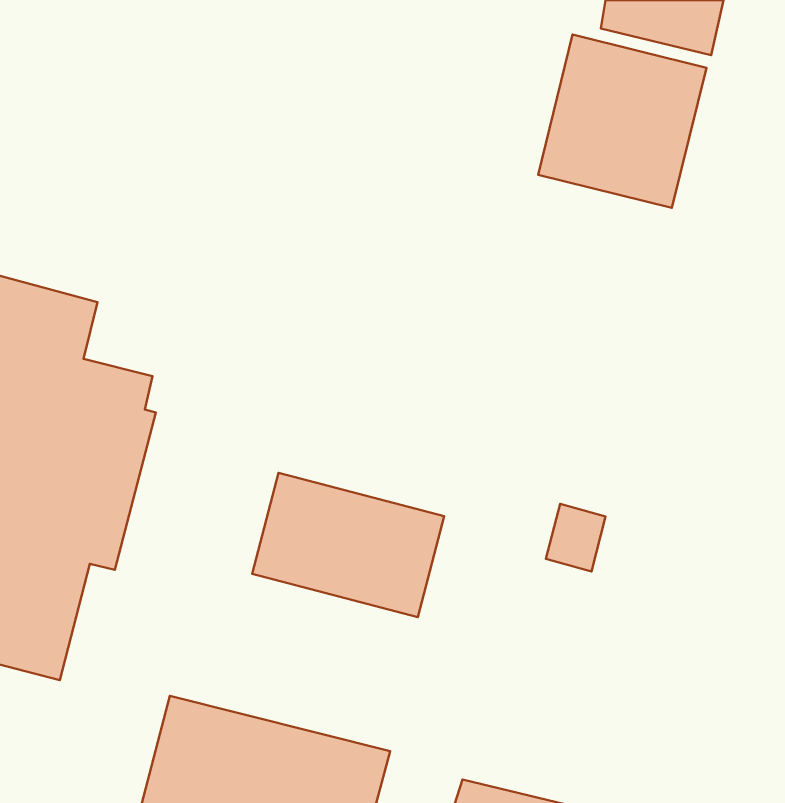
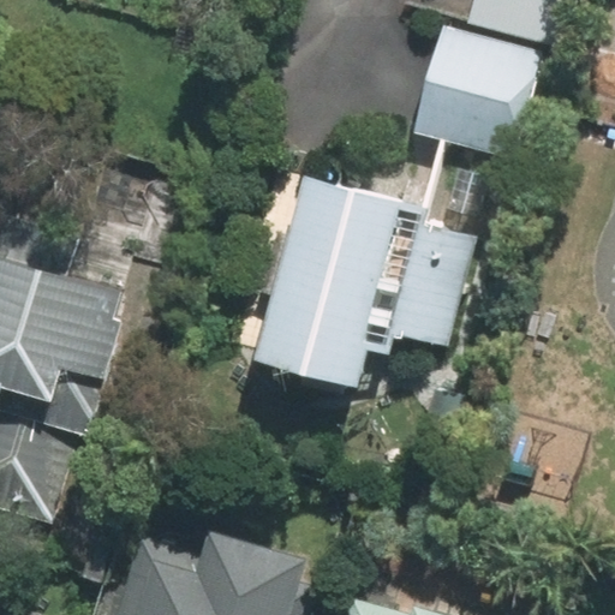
building: none -> [257,174,473,383]
building: [252,473,444,617] -> none

